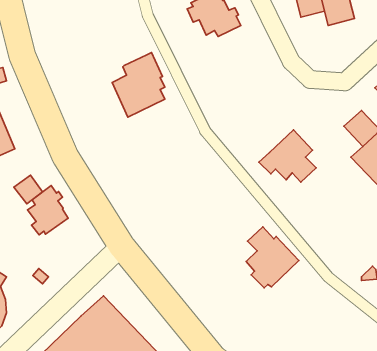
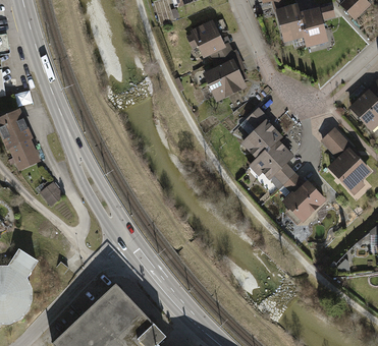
building: [112,52,165,117] -> [203,51,248,106]
building: none -> [239,110,280,161]
building: [27,186,68,235] -> none
building: [246,227,299,288] -> [282,174,327,226]

